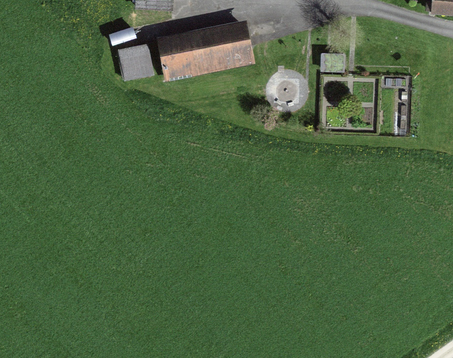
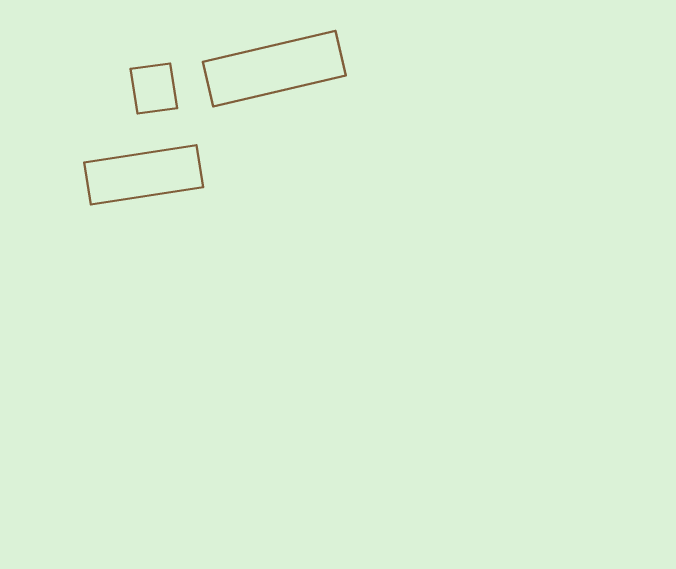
building: none -> [84,145,203,204]

